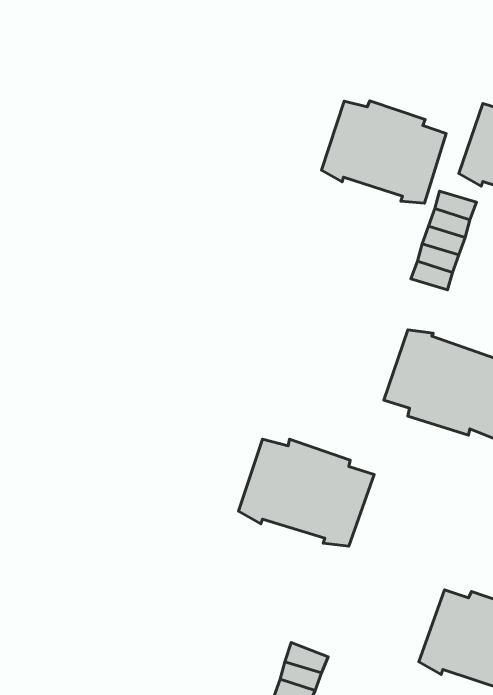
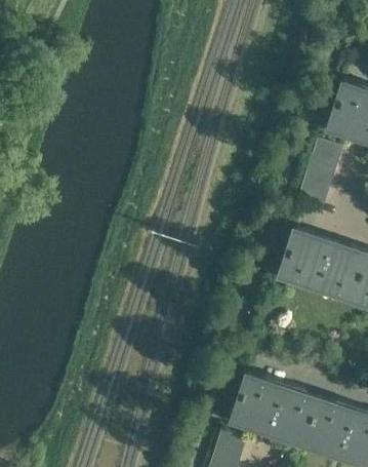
building: [321,101,446,203] -> none
building: [239,439,374,546] -> [232,376,319,444]

